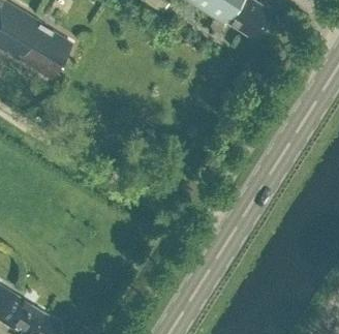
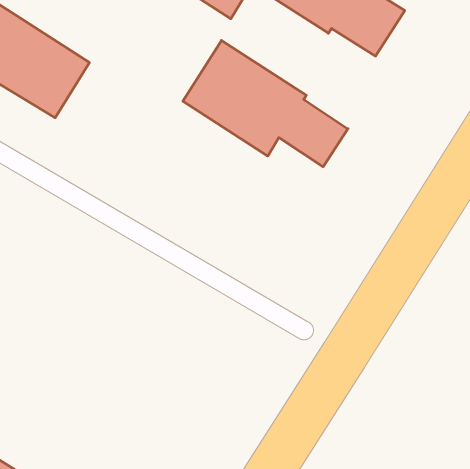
building: none -> [183,40,348,167]

